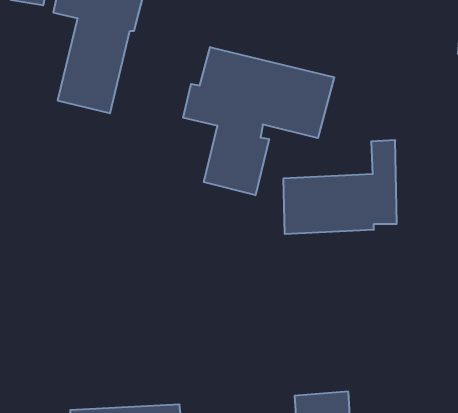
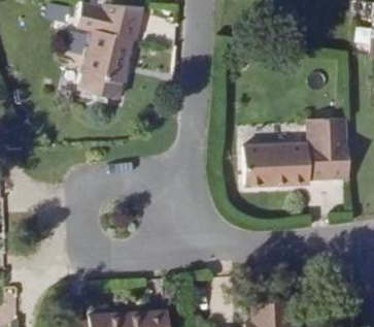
building: [183,47,334,195] -> none
building: none -> [325,118,349,179]

